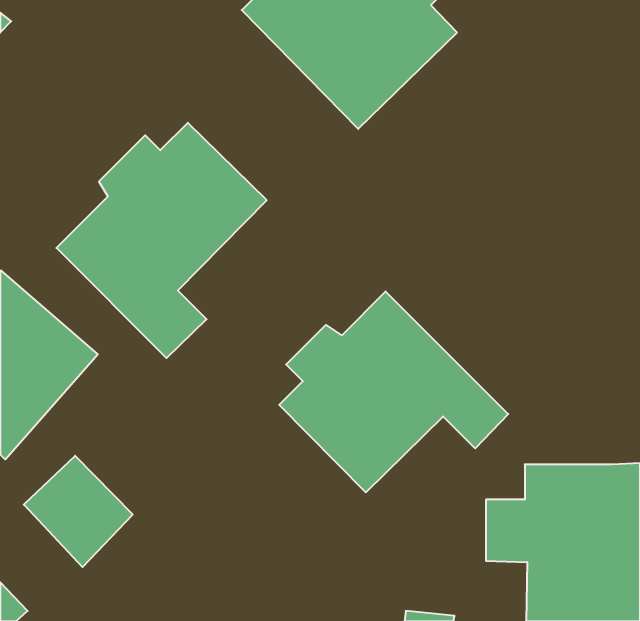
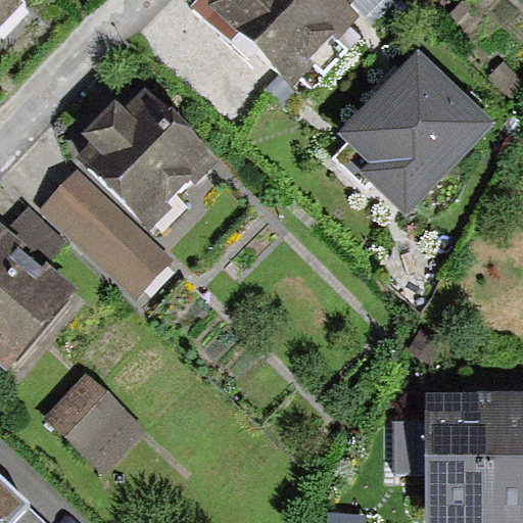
building: none -> [335,54,492,212]
building: [279,291,508,492] -> none

